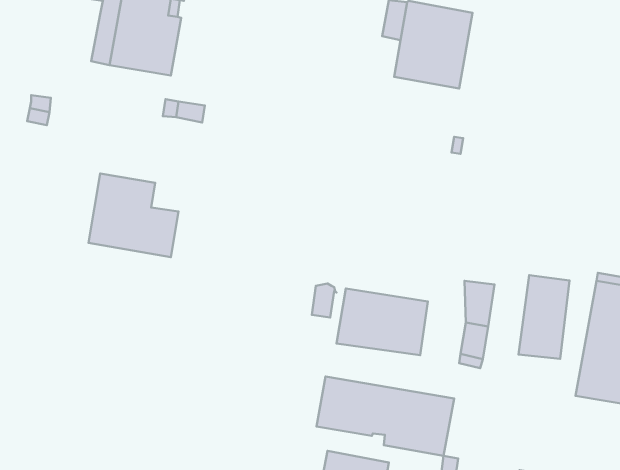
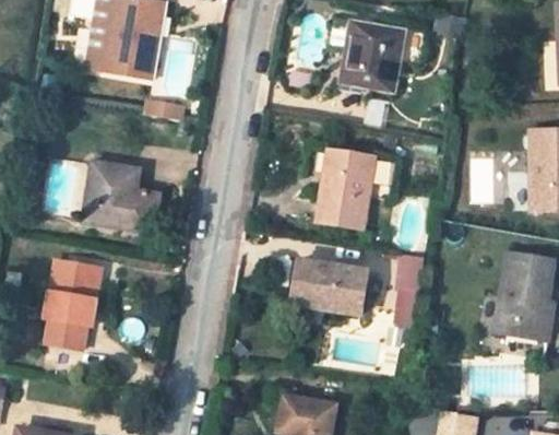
building: none -> [317,151,392,227]
building: [518,275,570,359] -> none
building: none -> [44,260,102,349]
building: [316,376,454,456] -> none

